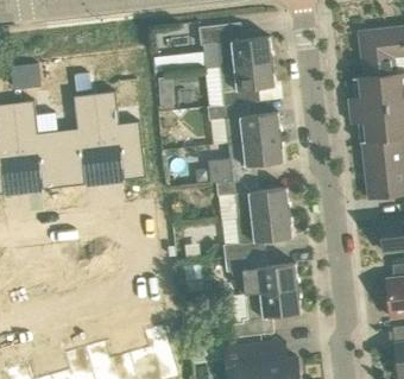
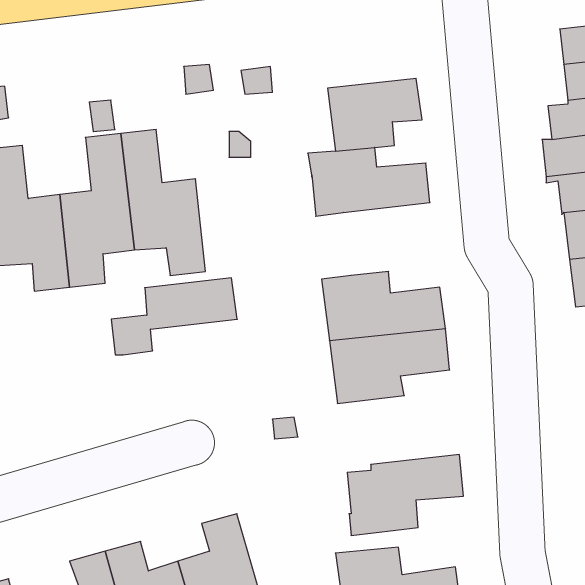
building: [198,21,272,67] -> none
building: [208,135,284,182] -> [111,278,237,355]
building: [225,252,298,293] -> none

